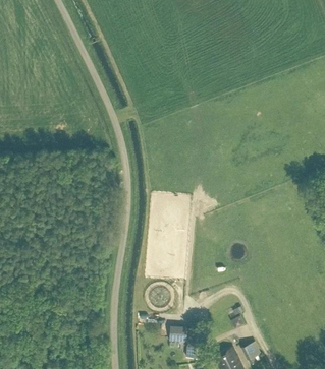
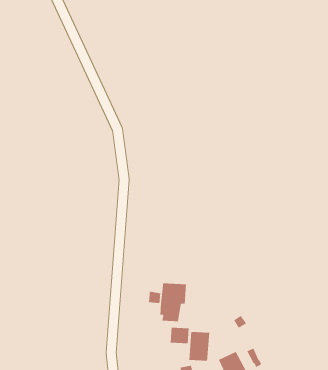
building: none -> [160,282,187,322]

